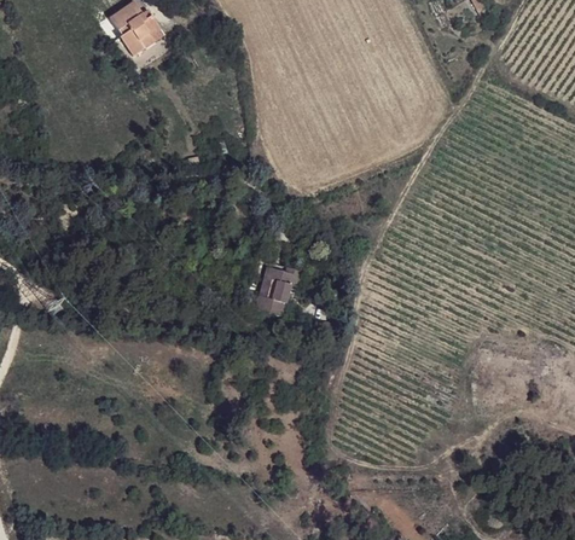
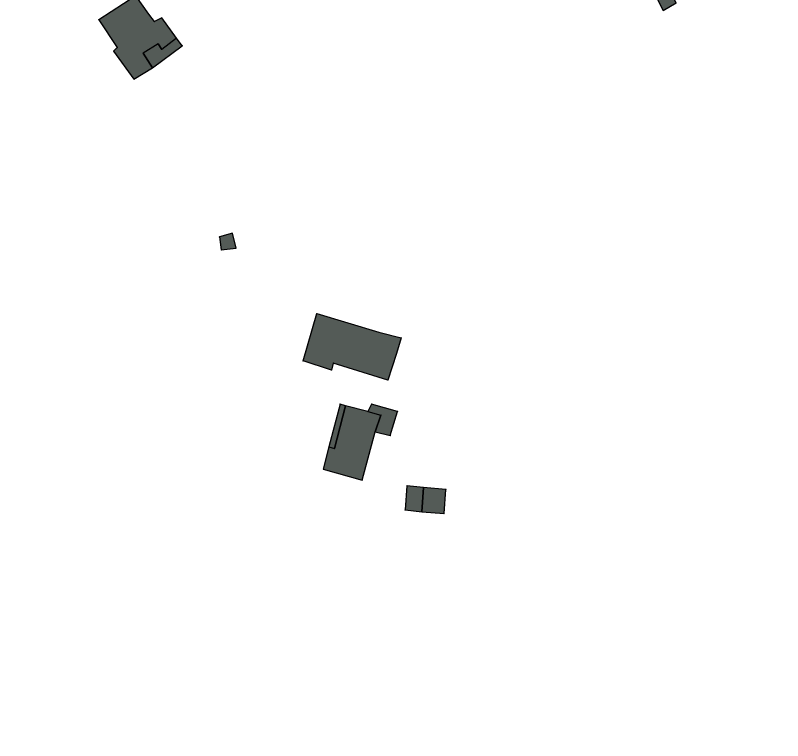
building: none -> [303,314,401,380]

